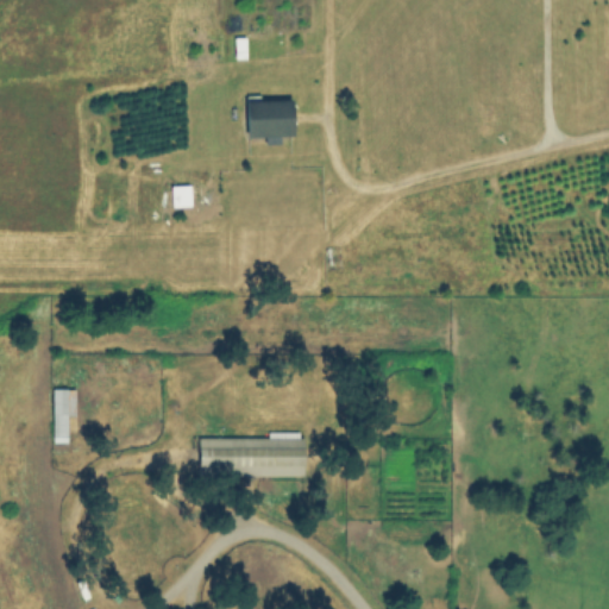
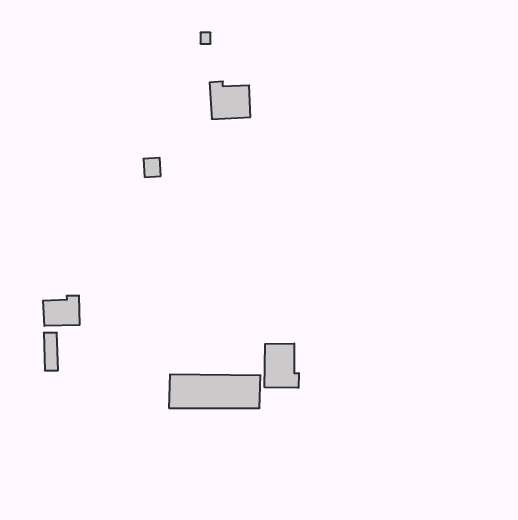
building: none -> [43,295,80,326]
building: none -> [265,343,299,388]

